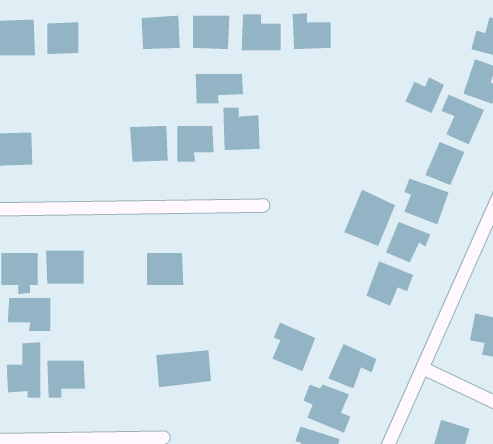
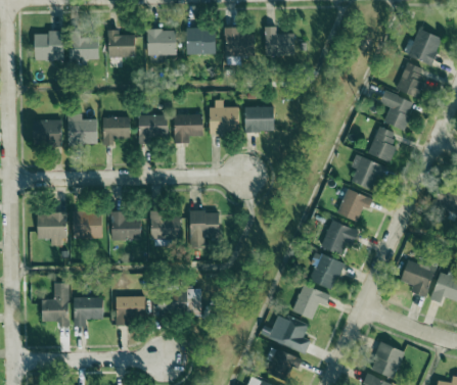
building: none -> [107,30,135,57]
building: [195,73,243,104] -> none
building: [405,77,445,114] -> none
building: none -> [244,106,274,132]
building: none -> [67,112,97,145]
building: none -> [102,117,130,145]
building: [344,189,396,247] -> none
building: none -> [110,211,140,240]
building: none -> [188,211,219,247]
building: [7,297,51,332] -> none
building: [271,322,316,372] -> [309,251,344,290]
building: none -> [115,296,145,324]

